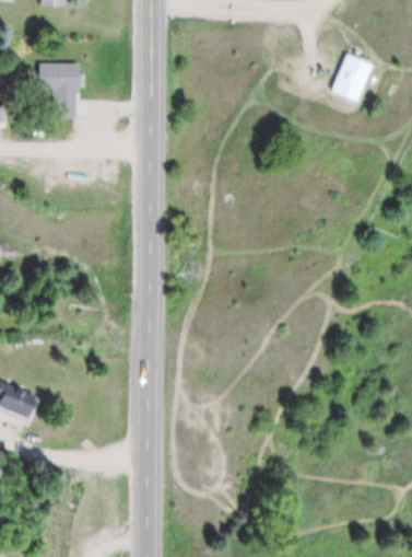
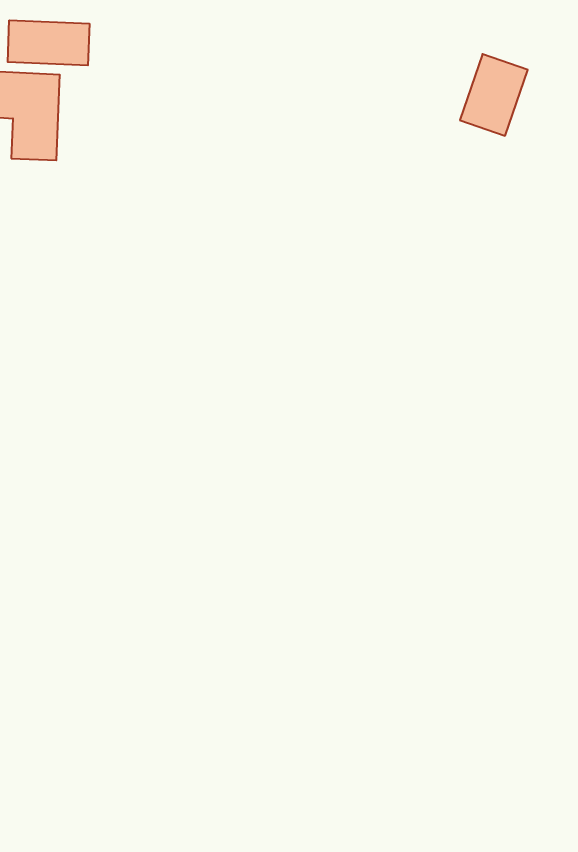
building: none -> [8,20,89,65]

